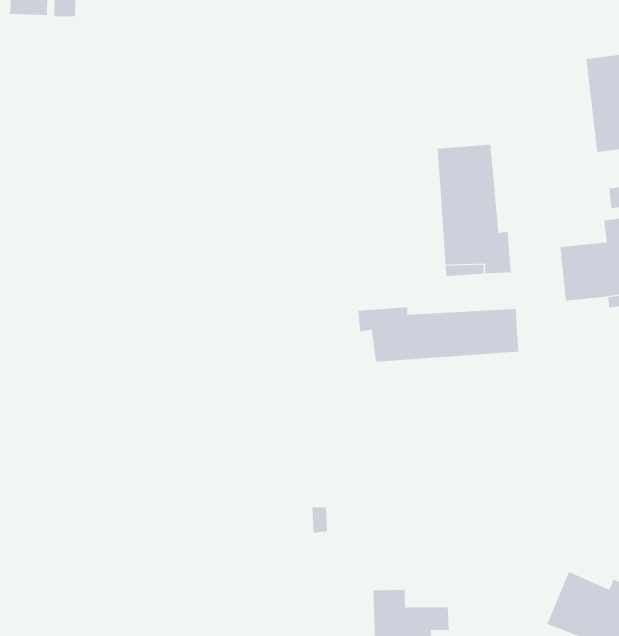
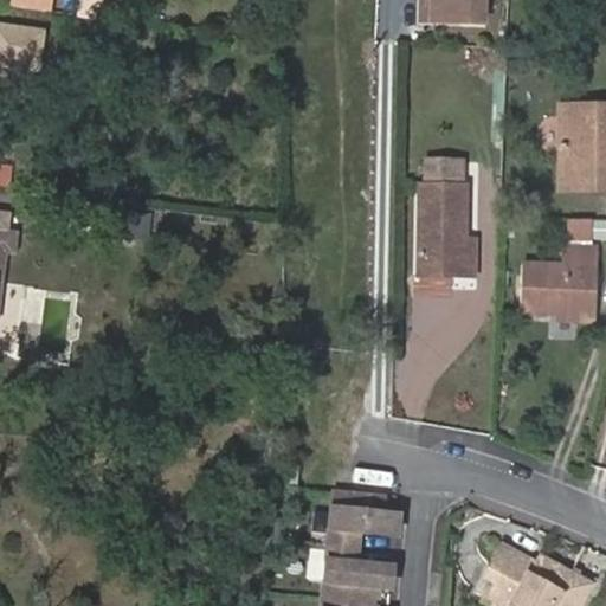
building: [358,307,519,362] -> none
building: none -> [329,491,397,544]

